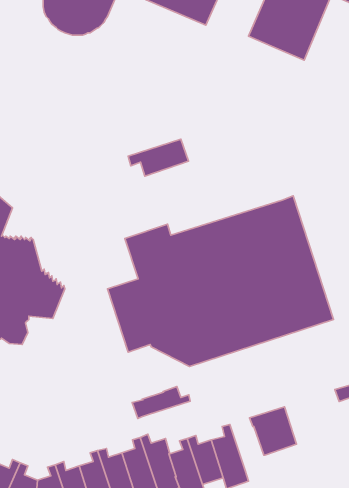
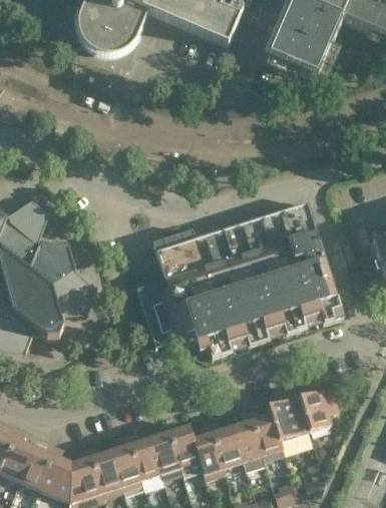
building: [128,139,189,176] -> none
building: [132,387,190,418] -> none
building: none -> [299,386,339,430]
building: none -> [249,410,283,454]

